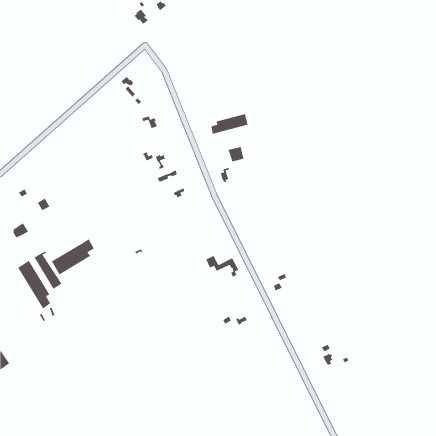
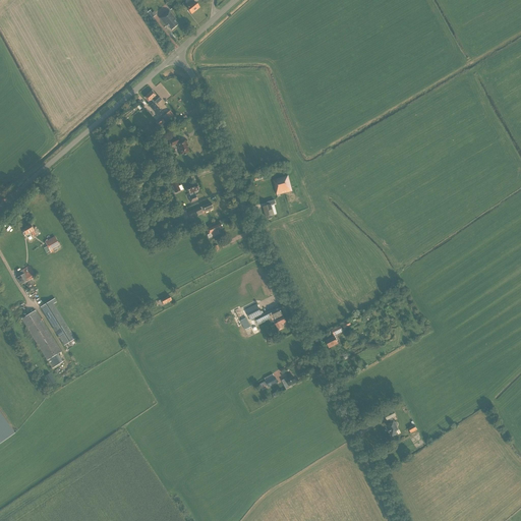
building: [210,113,248,135] -> none
building: [51,238,95,276] -> none

